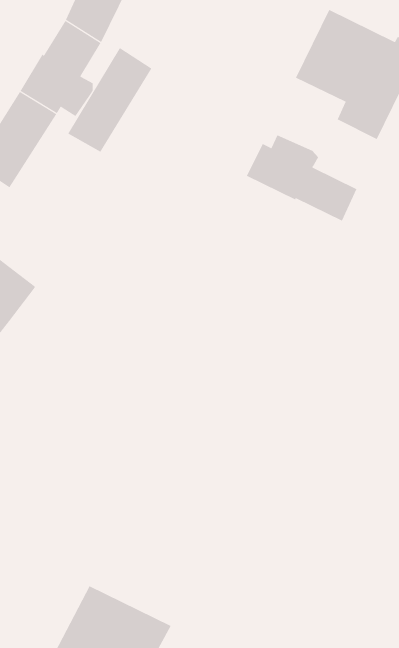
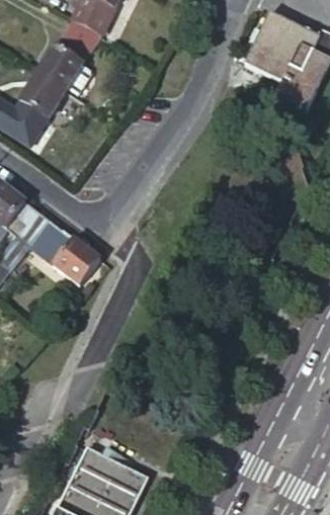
building: [68,47,152,152] -> none
building: [246,134,357,221] -> none
building: none -> [29,221,99,285]

